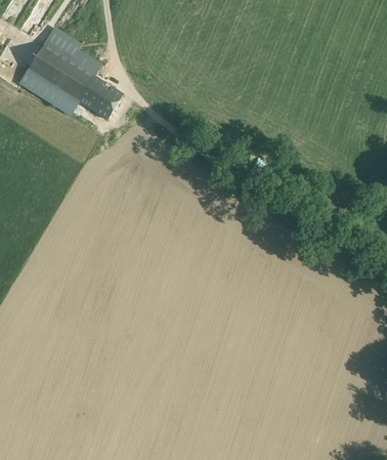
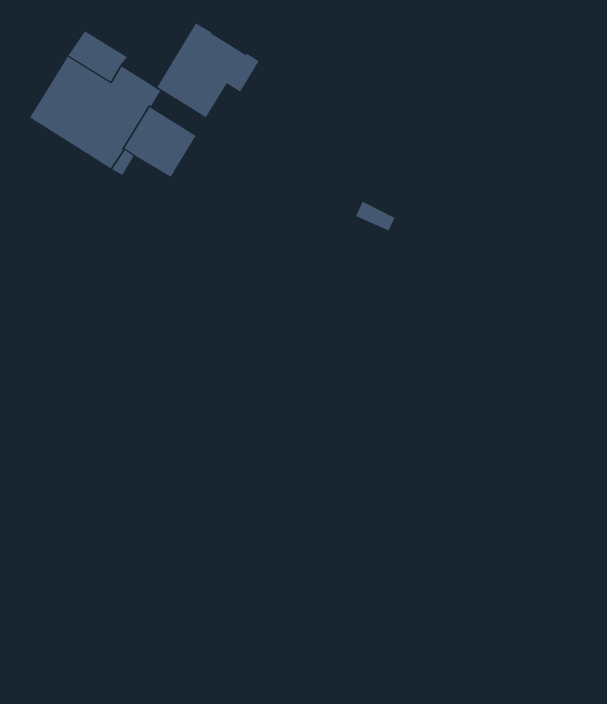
building: none -> [156,23,260,118]

